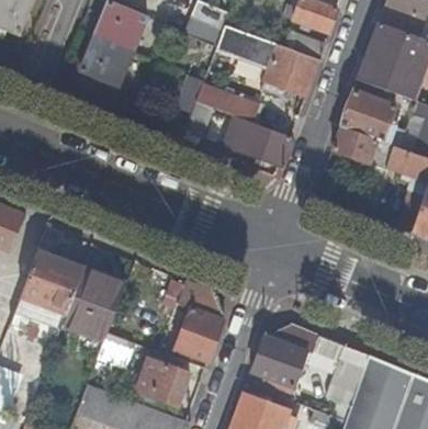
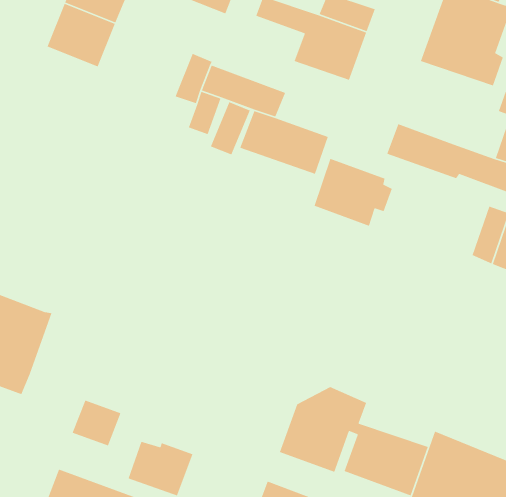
building: [342,90,402,142] -> [314,158,393,227]
building: [68,268,127,329] -> none
building: [169,280,226,361] -> none

